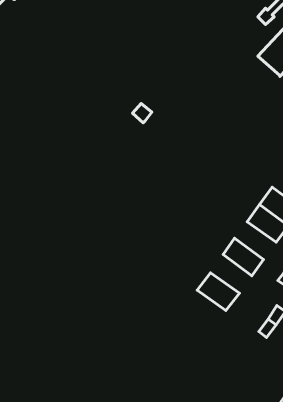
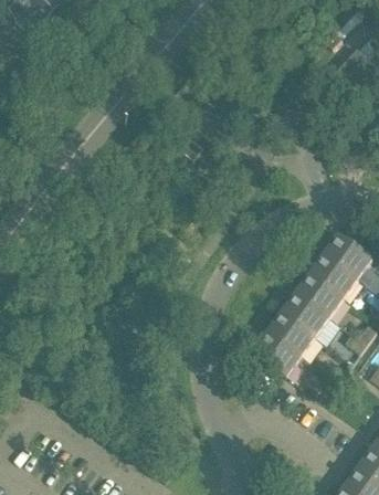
building: none -> [295,273,343,316]
building: none -> [267,310,315,355]

